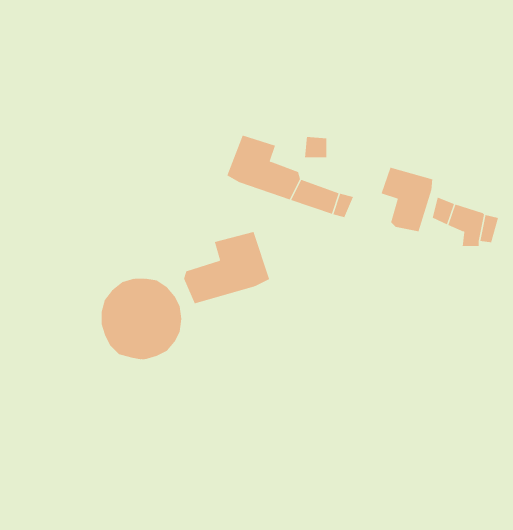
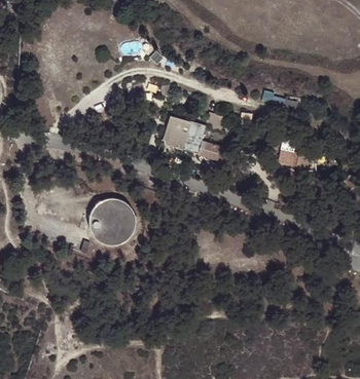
building: [381,167,433,232] -> none
building: [183,231,270,304] -> none

